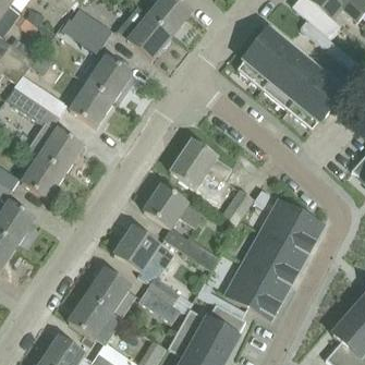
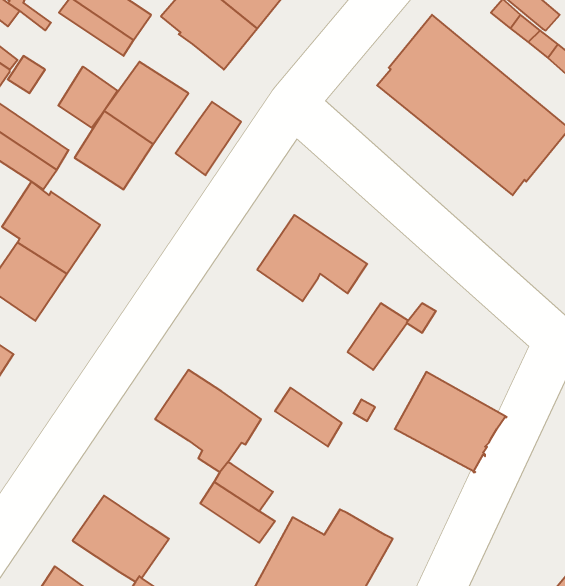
building: none -> [58,67,118,128]
building: none -> [176,102,241,175]
building: [143,184,202,227] -> none
building: [264,199,323,252] -> none
building: [196,258,291,318] -> none
building: [85,267,130,313] -> none

